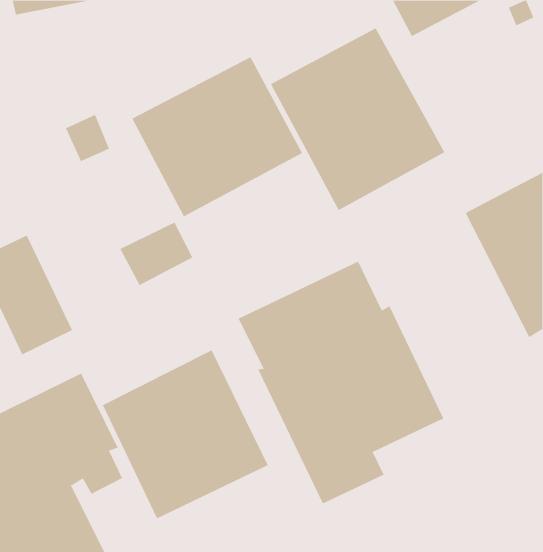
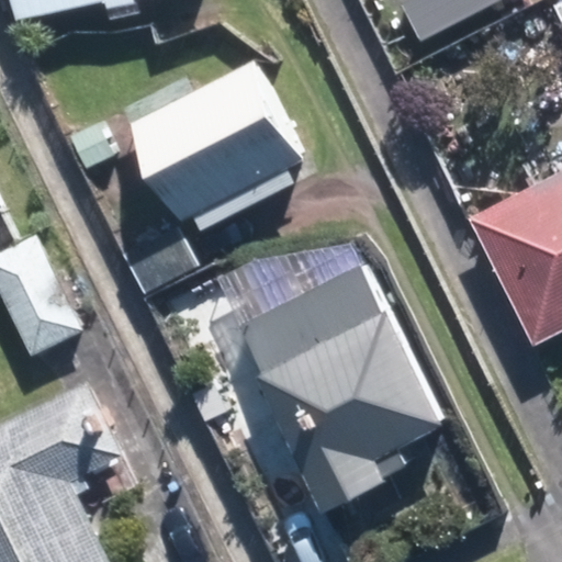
building: [270,27,445,211] -> none
building: [102,350,269,519] -> none

